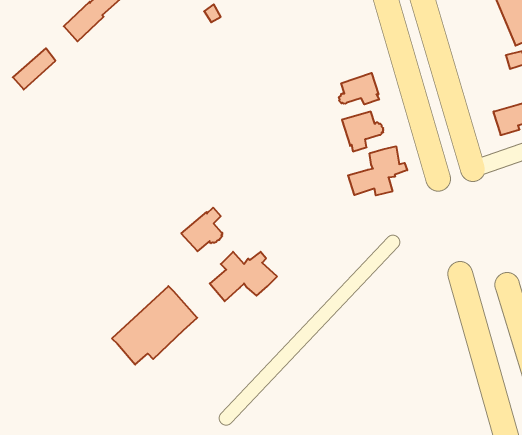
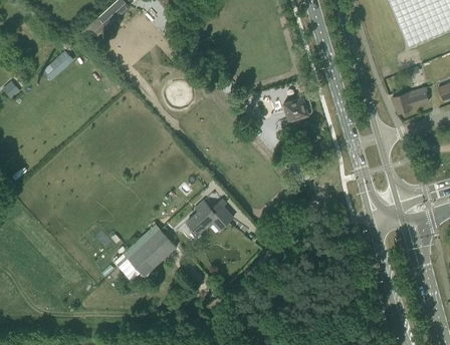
building: [339,73,379,104] -> none
building: [348,146,407,195] -> none
building: [181,208,222,251] -> none

